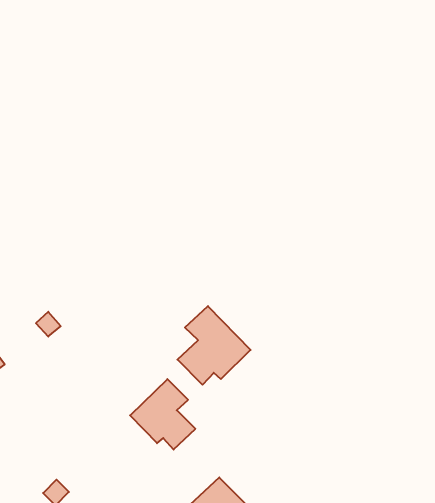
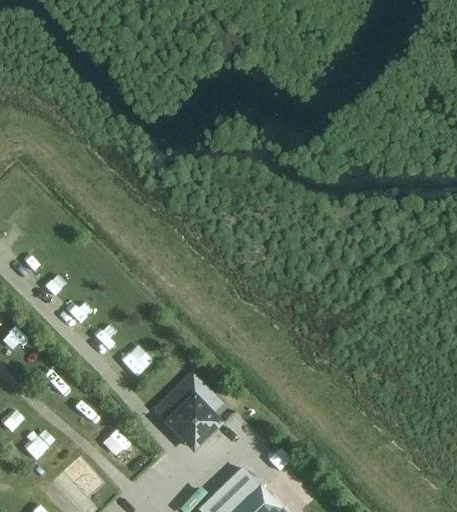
building: [177,306,251,385] -> none

